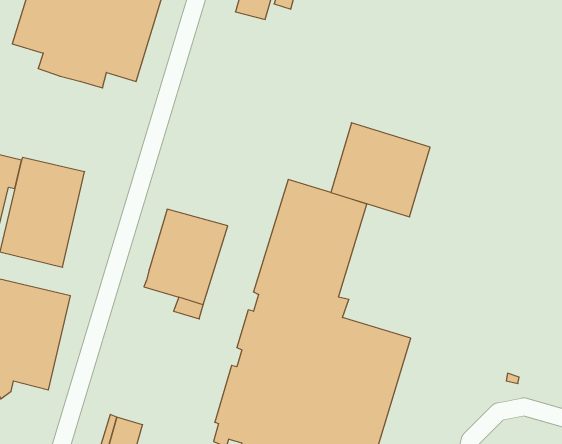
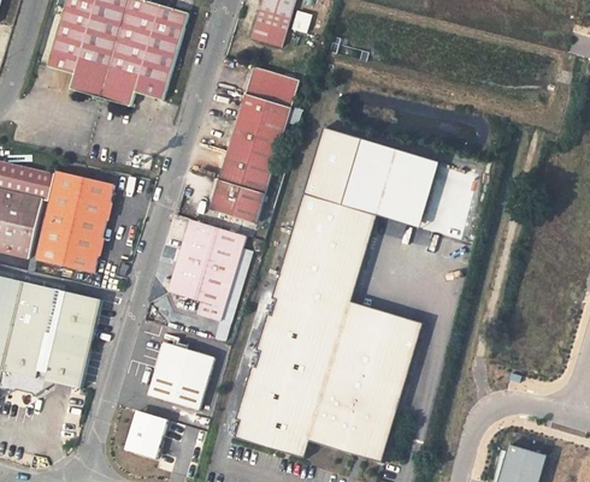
building: none -> [208,65,299,221]
building: none -> [303,125,362,203]
building: none -> [354,303,423,339]
building: none -> [149,343,213,409]

